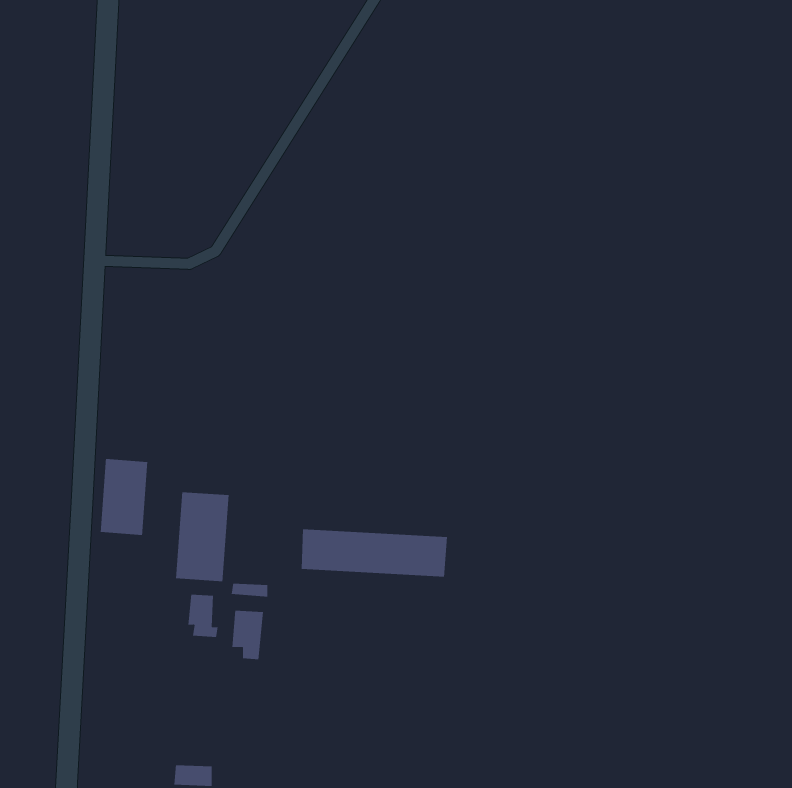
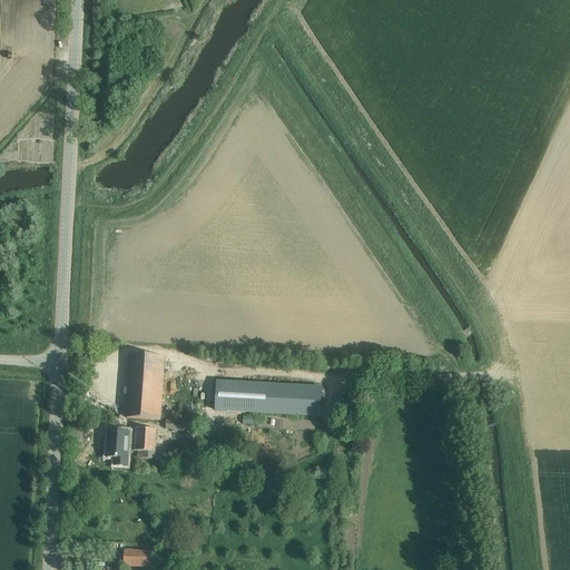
building: [100,458,148,536] -> none
building: [231,610,264,660] -> [109,429,132,464]

